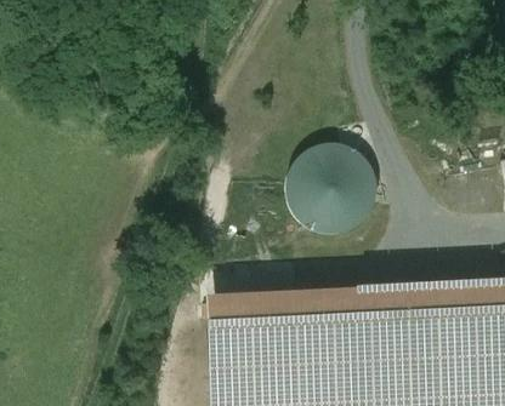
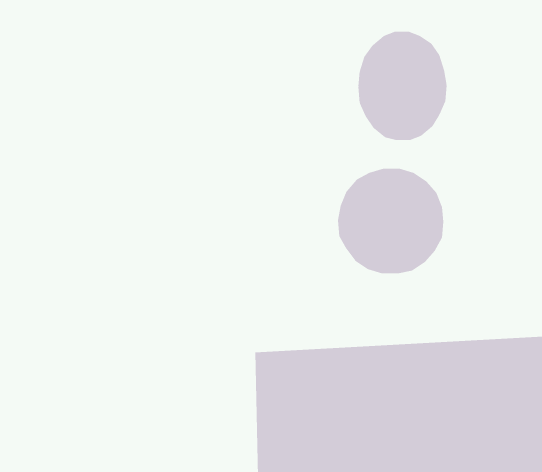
building: none -> [358,31,447,141]

